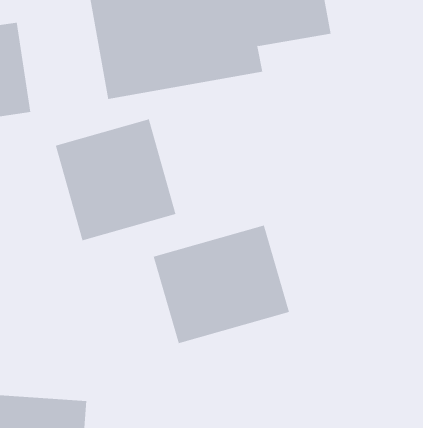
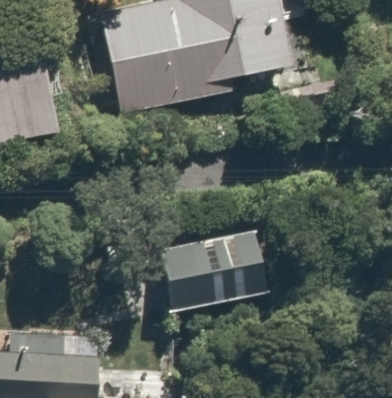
building: [55,118,176,241] -> none

